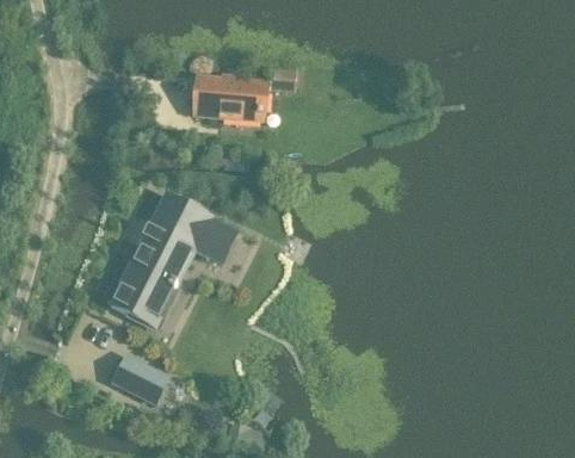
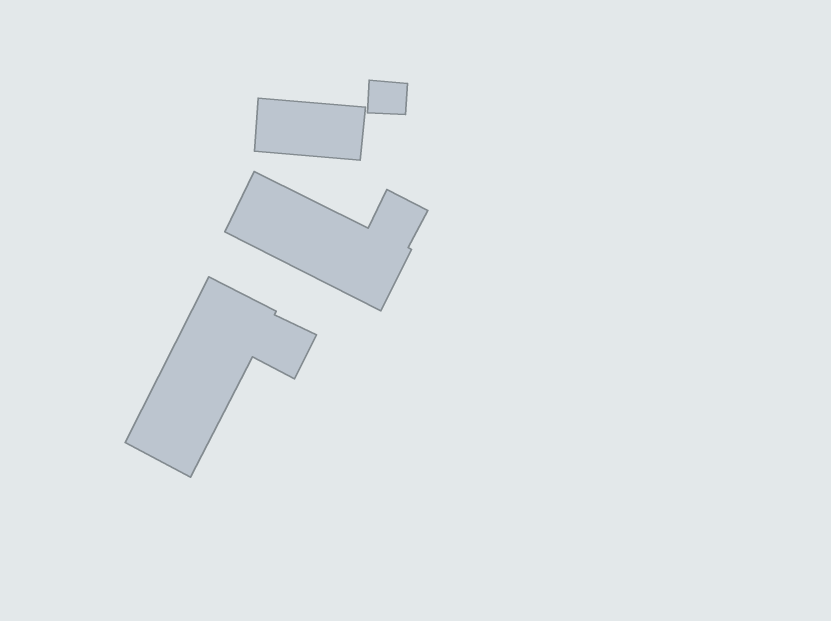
building: none -> [225,171,428,311]
building: [110,354,167,402] -> none

